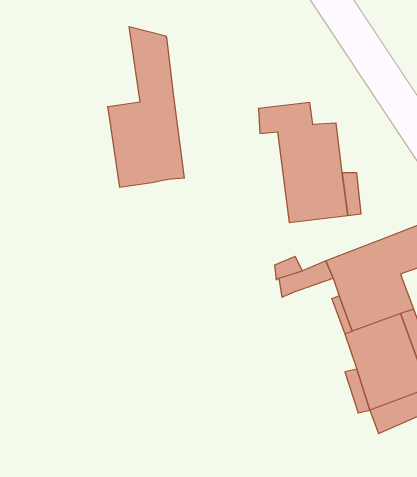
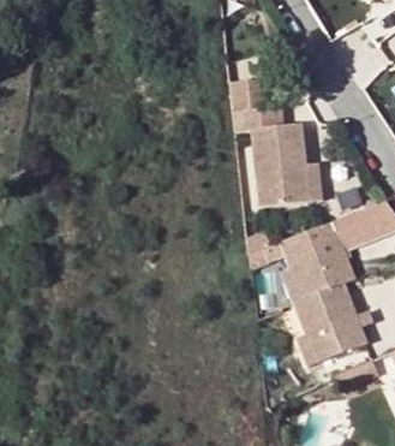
building: [108,27,184,187] -> none

